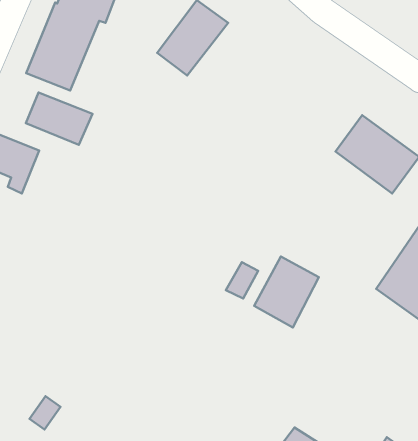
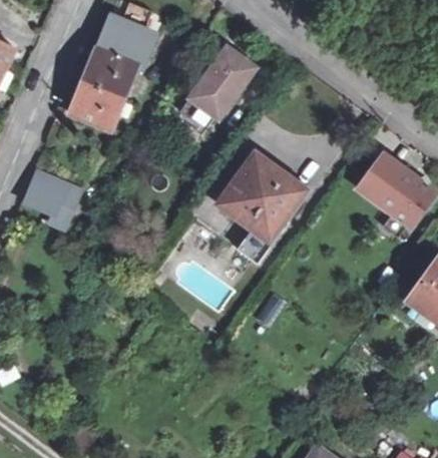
building: [26,92,92,145] -> none
building: none -> [221,153,303,247]
building: [254,256,319,327] -> none

